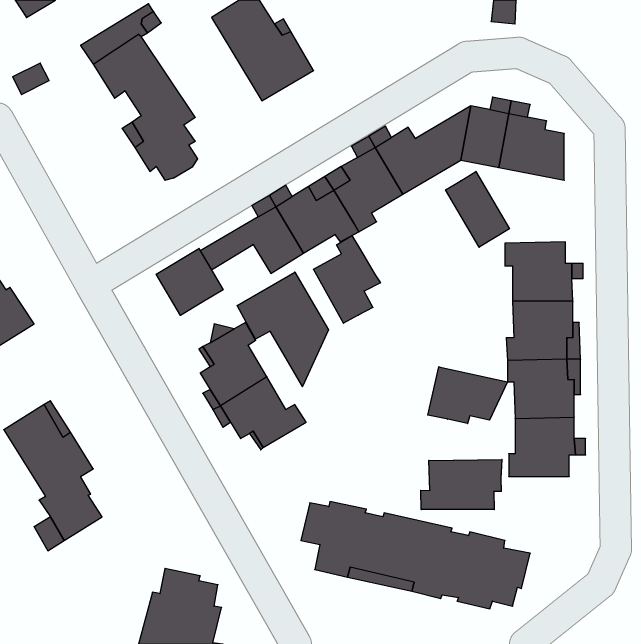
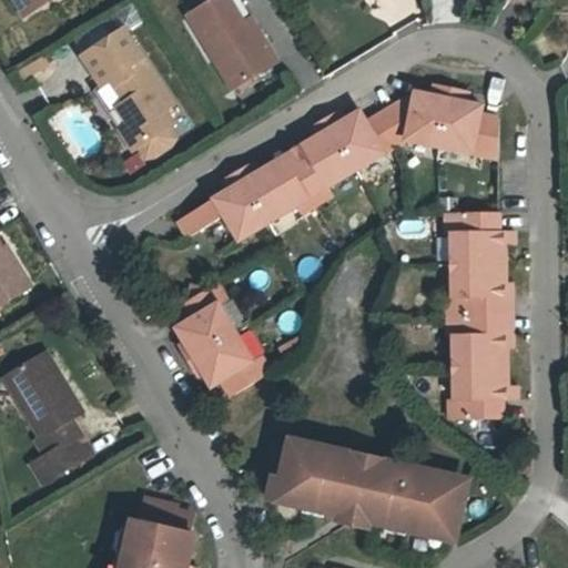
building: [446,171,509,247] -> none
building: [313,236,380,323] -> none
building: [156,248,223,315] -> none
building: [237,272,328,387] -> none
building: [428,367,508,424] -> none
building: [421,459,502,510] -> none

